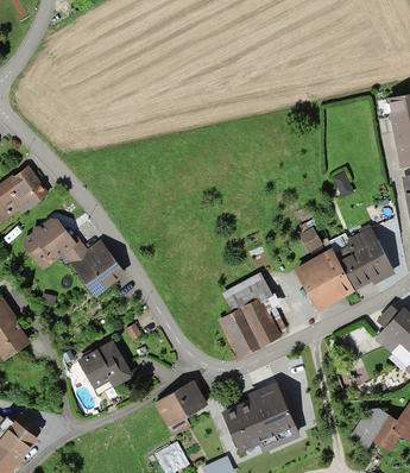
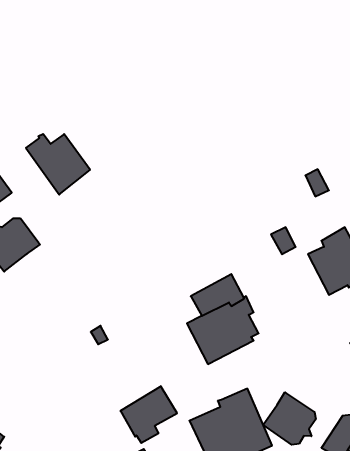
building: [63,239,125,297] -> [26,134,90,195]
building: [294,248,354,311] -> none
building: [77,340,133,389] -> none
building: none -> [263,392,316,445]

